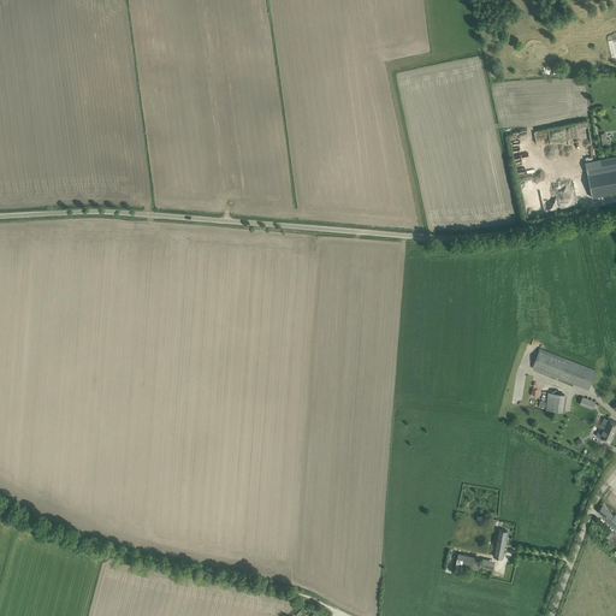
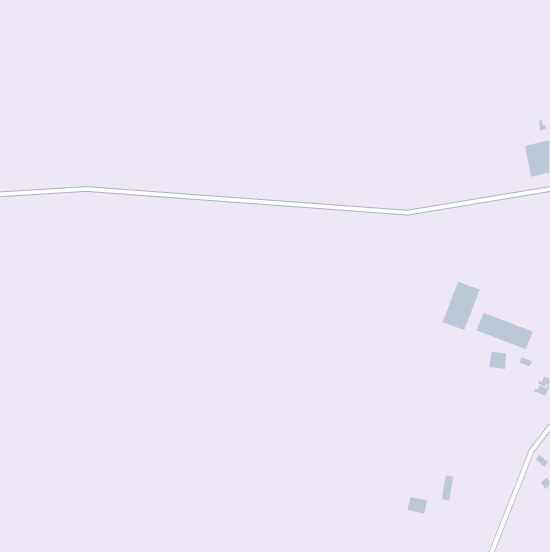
building: none -> [442,281,480,331]

